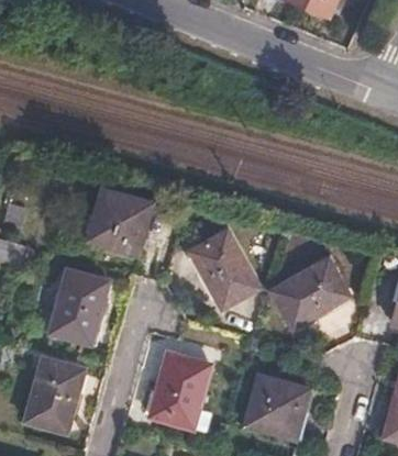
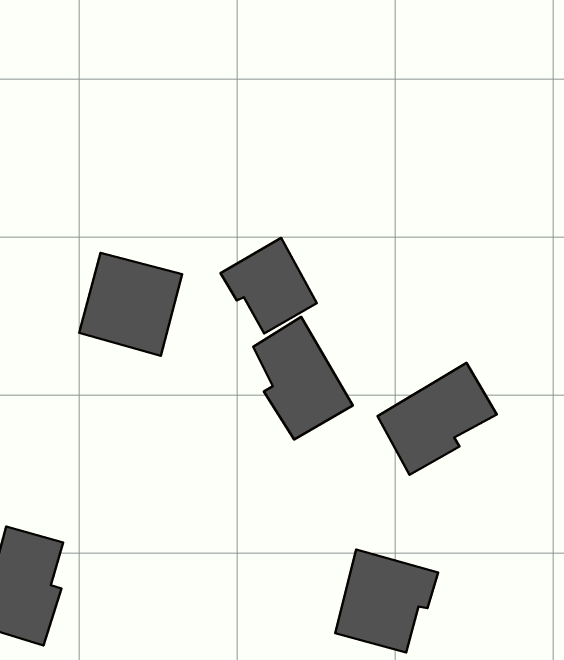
building: none -> [220,238,317,333]
building: [49,270,108,343] -> none
building: [151,353,210,431] -> none

